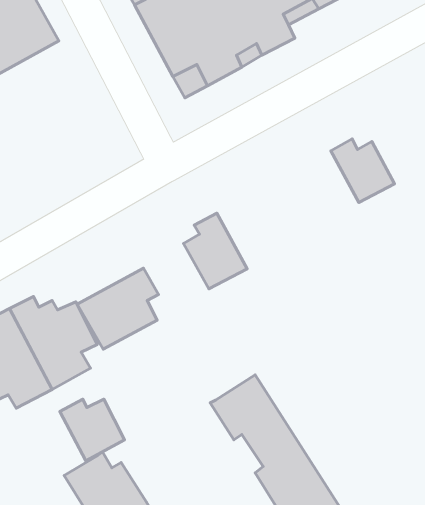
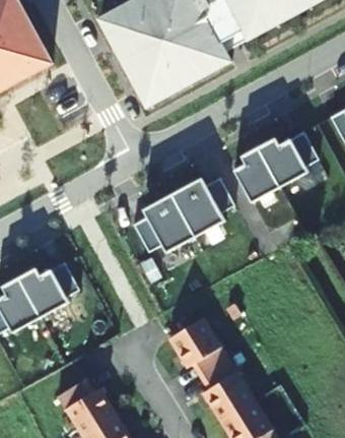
building: none -> [232,145,279,201]
building: none -> [170,183,223,236]
building: [77,268,158,349] -> none
building: [60,399,124,461] -> none

